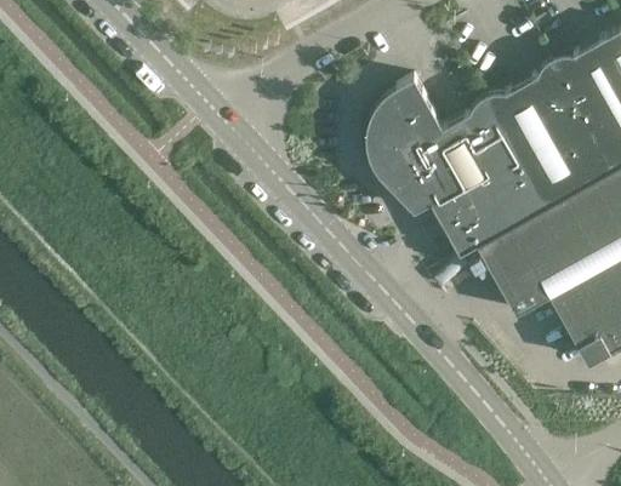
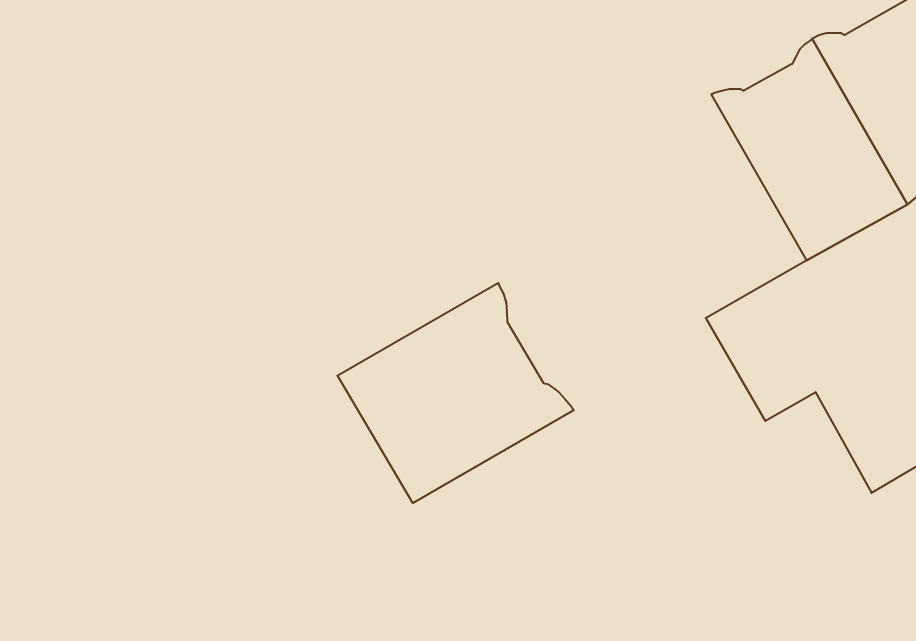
building: [364,79,546,257] -> none
building: none -> [337,283,574,503]

